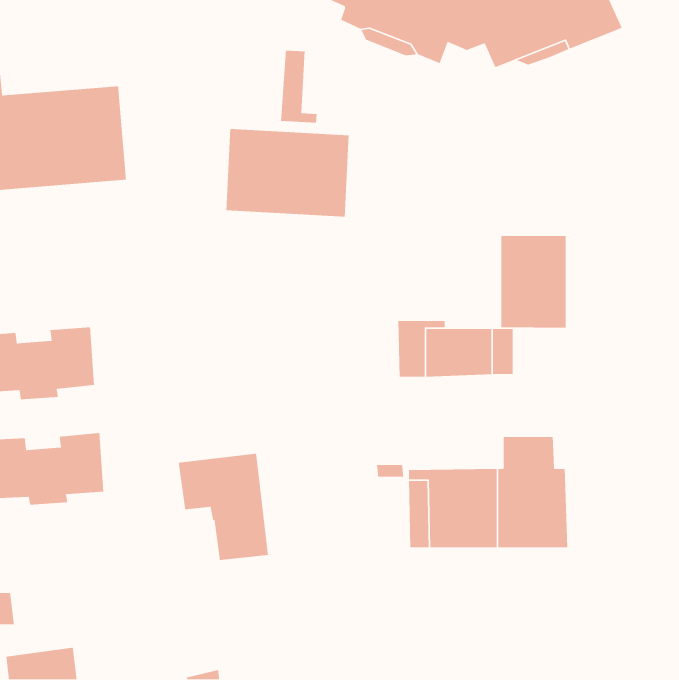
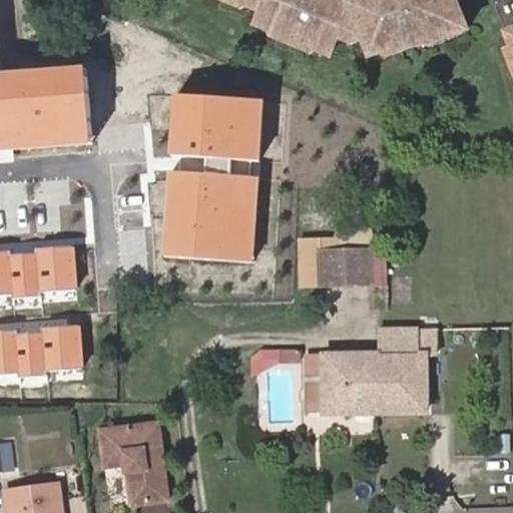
building: [280,50,317,123] -> none
building: none -> [163,173,255,263]
building: [500,235,567,328] -> none
building: [178,453,269,561] -> [92,421,160,502]

